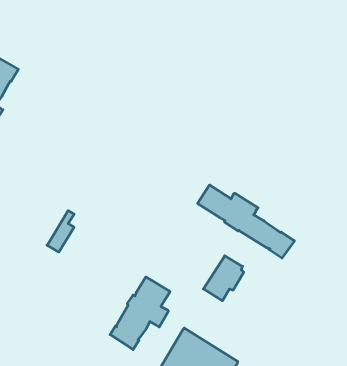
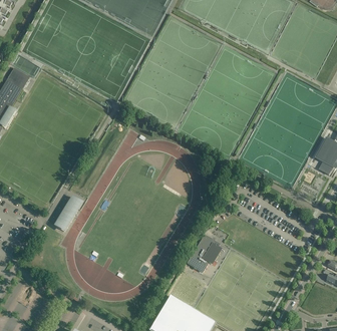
building: [198,185,294,258] -> none
building: [110,277,170,350] -> none

